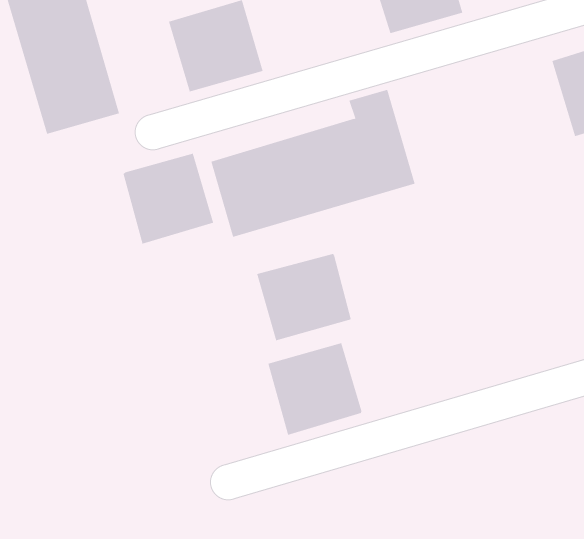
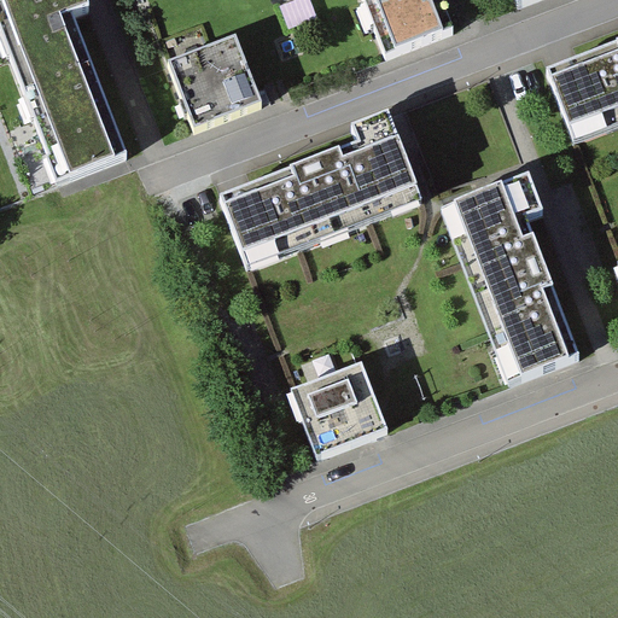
building: [123,153,214,244] -> none
building: none -> [442,173,581,381]
building: [256,253,352,341] -> none

